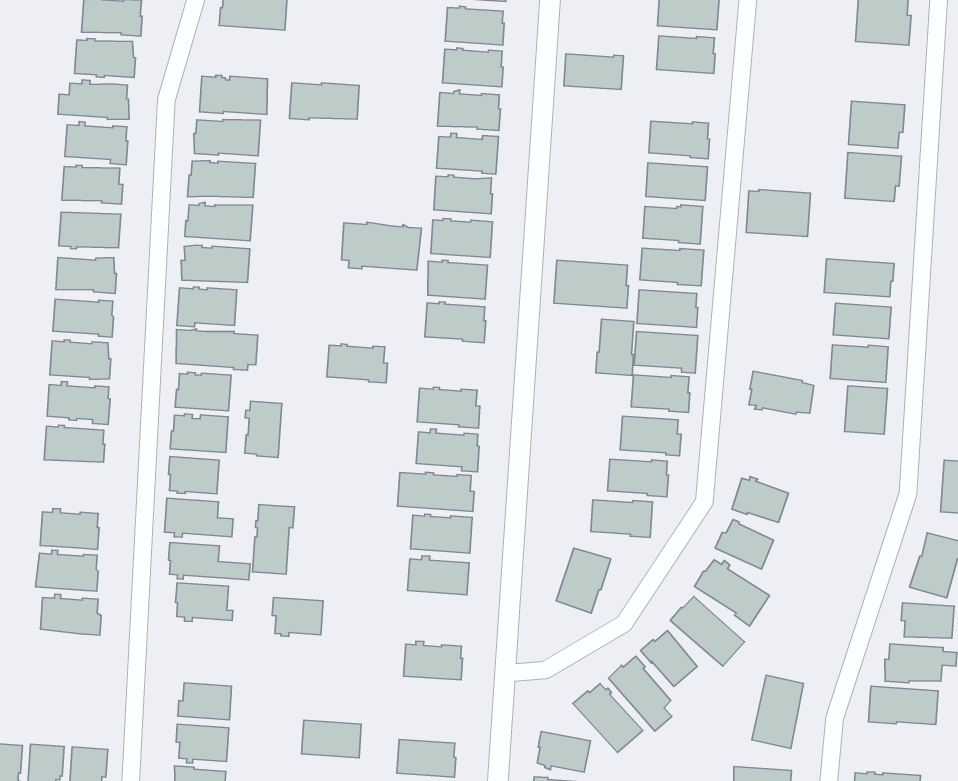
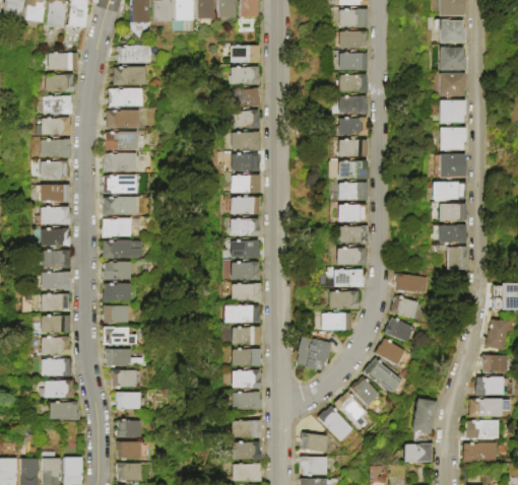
building: none -> [439,73,466,95]
building: [564,54,624,90] -> [337,95,367,113]
building: [289,83,359,120] -> [109,88,143,108]
building: [746,189,810,237] -> [435,154,466,177]
building: [341,222,422,270] -> none
building: [554,260,628,308] -> none
building: [596,319,634,375] -> none
building: [327,344,388,383] -> [230,239,260,258]
building: [749,371,814,414] -> [396,273,429,293]
building: [245,401,282,457] -> none
building: none -> [40,315,70,333]
building: [252,505,294,574] -> none
building: [272,598,323,636] -> [116,392,141,411]
building: none -> [230,369,260,388]
building: none -> [50,401,79,420]
building: [302,720,361,758] -> [231,420,260,437]
building: none -> [467,418,500,437]

